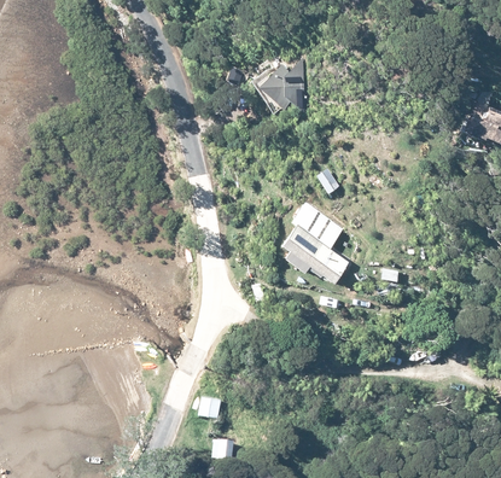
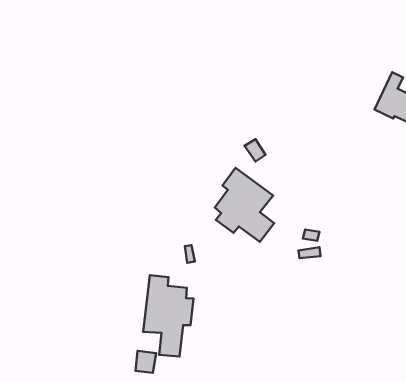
building: [250,52,304,118] -> none
building: none -> [143,275,194,357]

